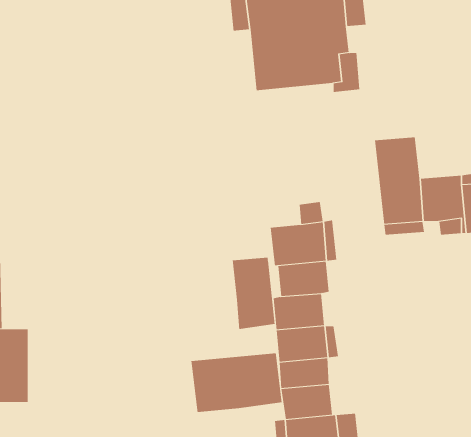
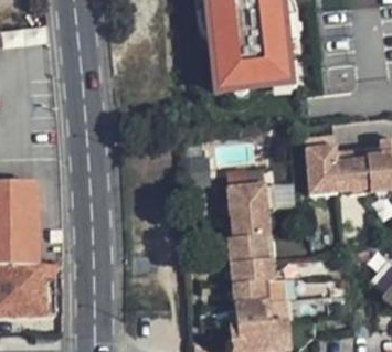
building: [232,257,275,330] -> none
building: [191,352,282,413] -> none

